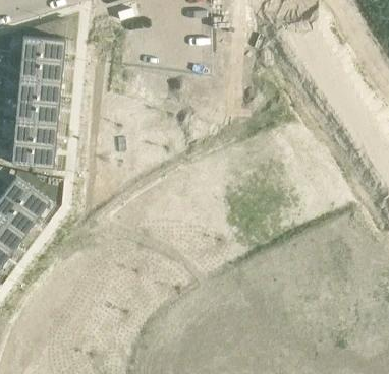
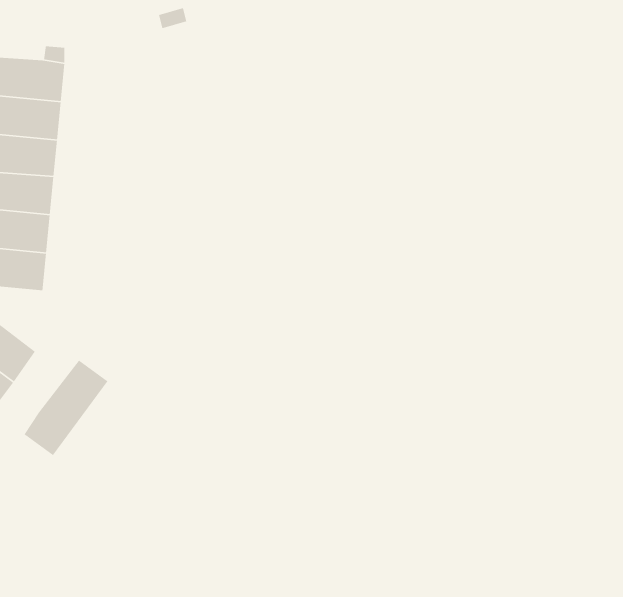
building: none -> [23,359,108,456]

